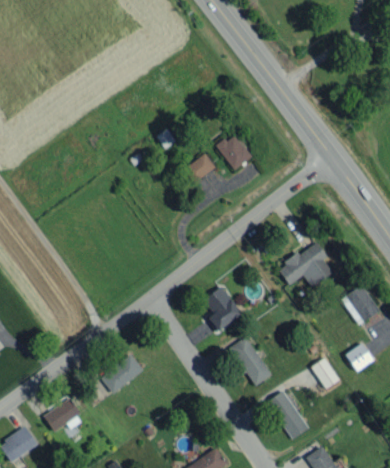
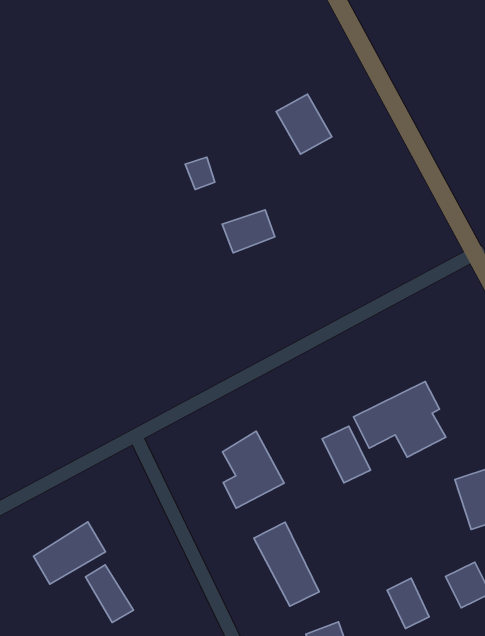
building: [216,133,251,169] -> [276,94,332,154]
building: none -> [322,426,371,483]
building: none -> [86,565,133,623]

